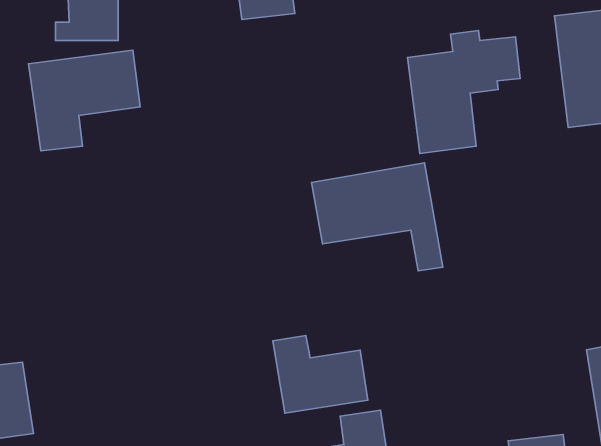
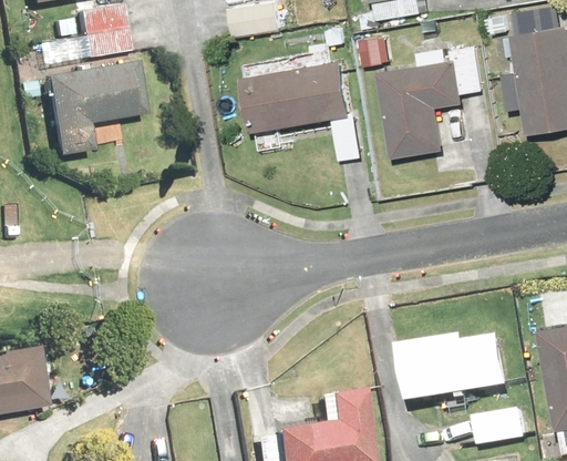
building: [312,163,443,271] -> [239,60,358,157]
building: [273,335,368,413] -> none
building: none -> [396,328,508,406]

